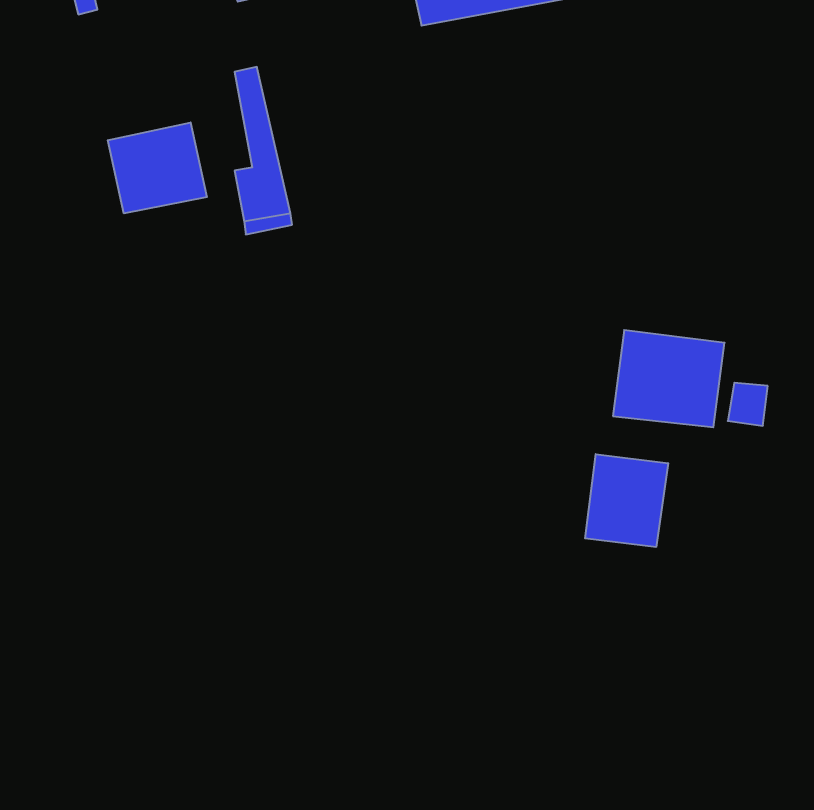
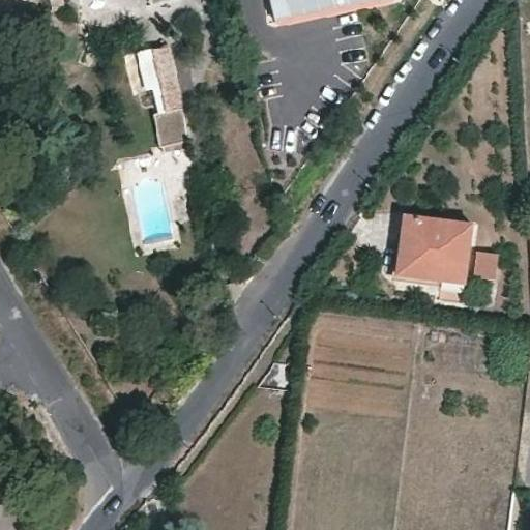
building: [108,122,207,213] -> none
building: [585,454,668,547] -> none

